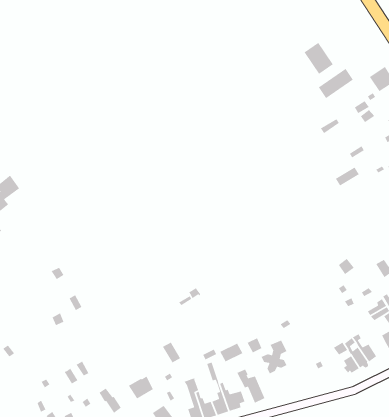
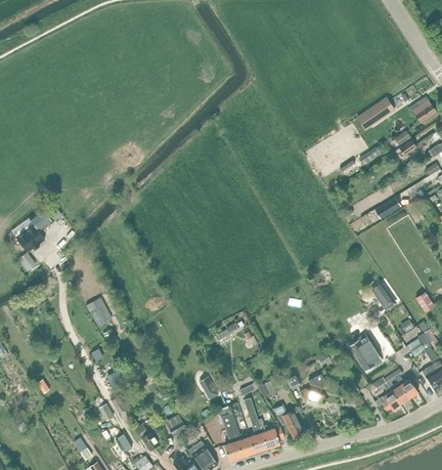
building: [303,42,334,75] -> none
building: none -> [349,334,383,371]

